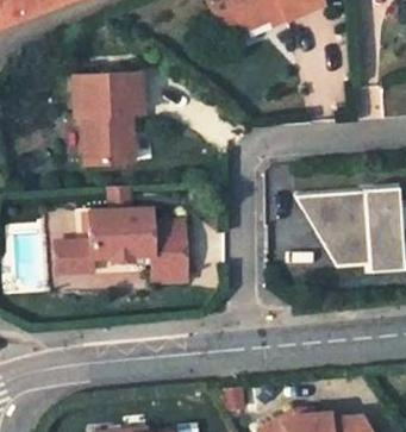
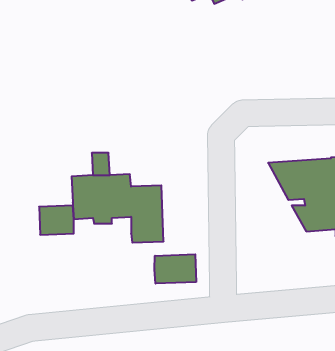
building: [75,70,143,162] -> none
building: none -> [155,254,196,284]

